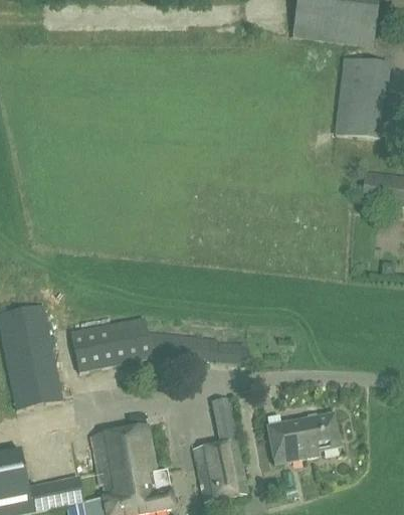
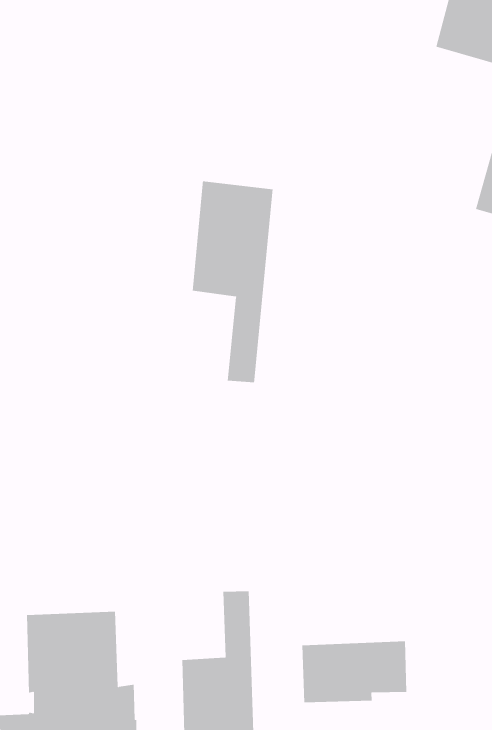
building: none -> [192,181,273,383]
building: [69,316,248,372] -> none

